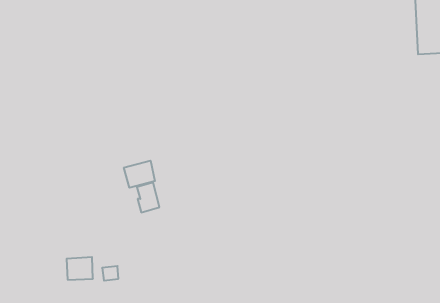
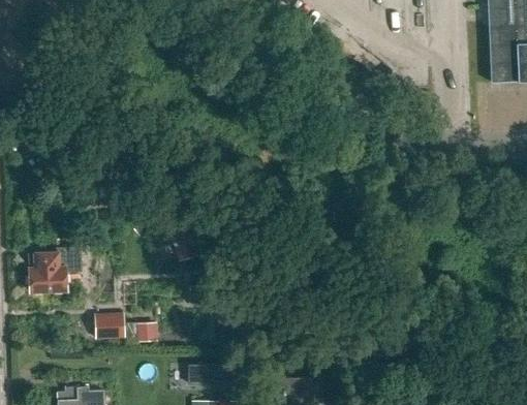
building: [124,161,155,188] -> none
building: none -> [28,247,80,290]

